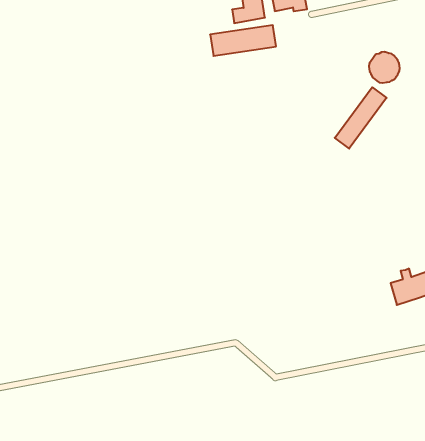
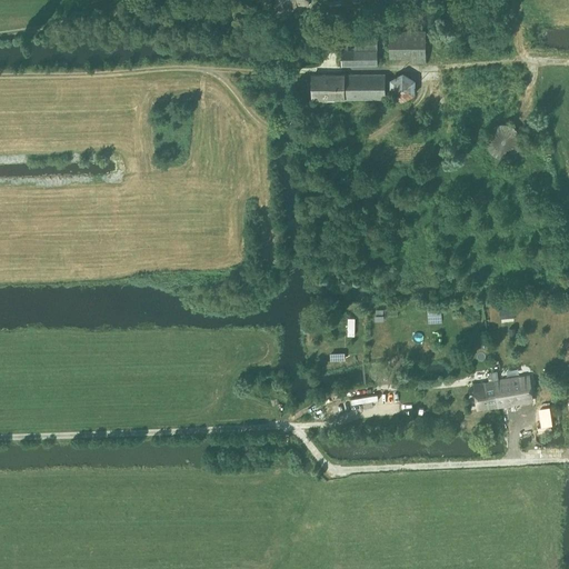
building: none -> [388,72,413,102]
building: [335,87,387,149] -> none

